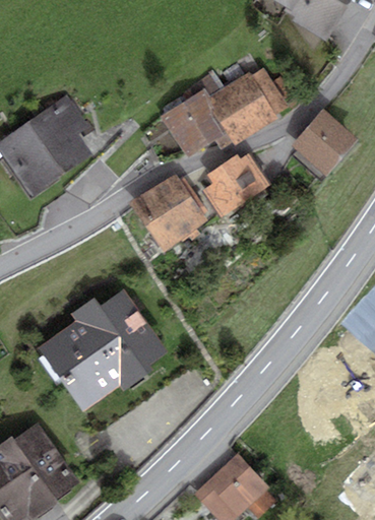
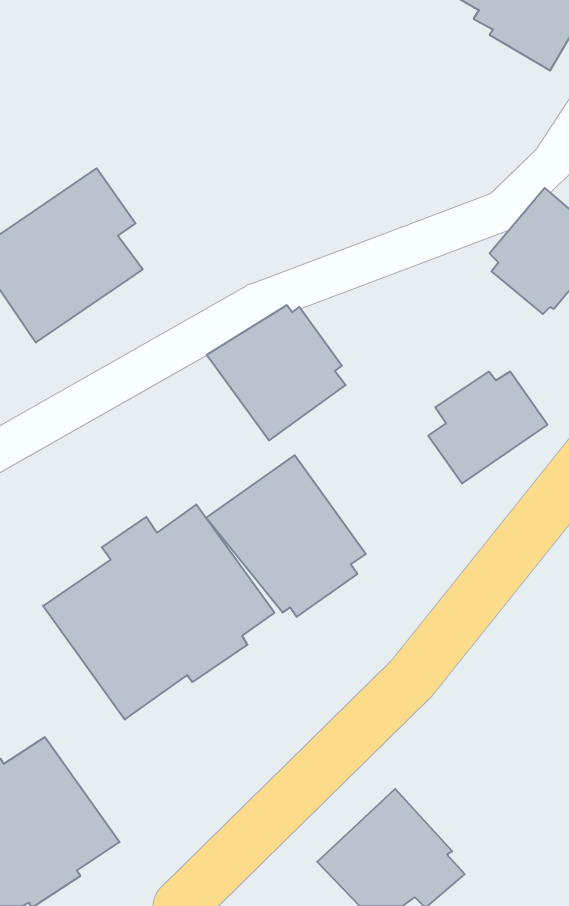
building: [161,67,288,157] -> none
building: [201,153,269,217] -> [428,372,547,484]
building: none -> [206,455,366,617]

